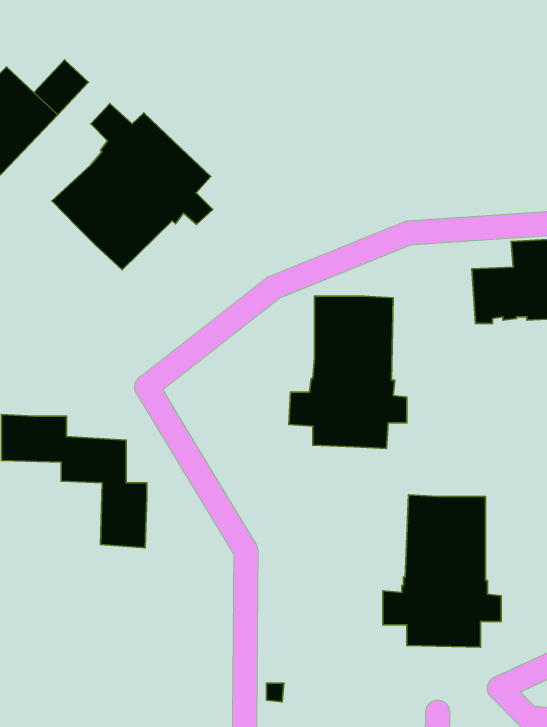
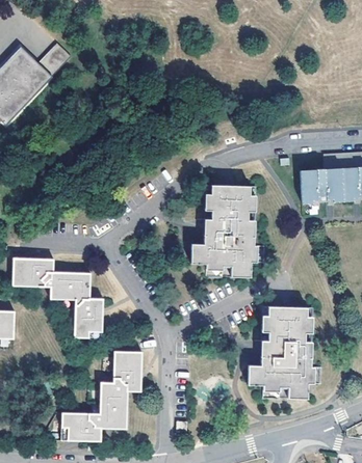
building: [52,104,213,270] -> none
building: none -> [62,352,143,441]

